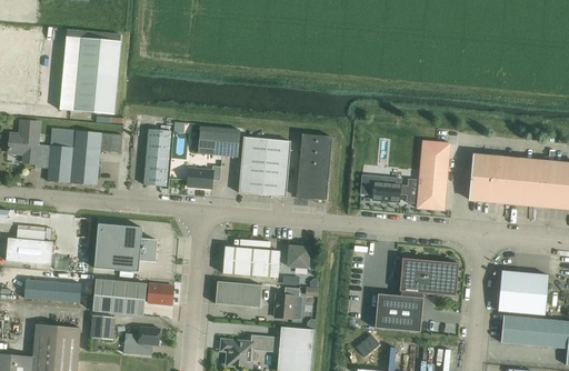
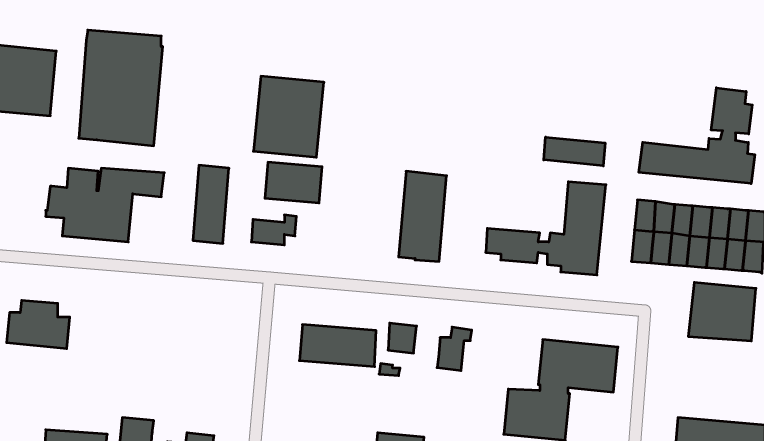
building: none -> [639,88,755,184]
building: none -> [544,137,605,166]
building: [9,119,41,162] -> none
building: [238,137,290,197] -> [253,76,324,157]
building: [93,223,157,271] -> none
building: [497,271,547,314] -> [688,282,756,341]
building: [92,279,173,315] -> none
building: [23,280,80,302] -> none
building: [214,281,261,308] -> none
building: [273,287,299,319] -> [437,327,472,371]

